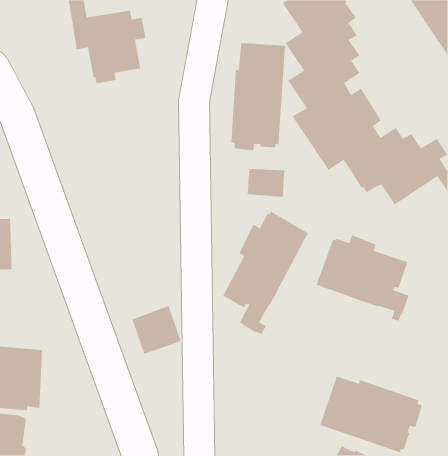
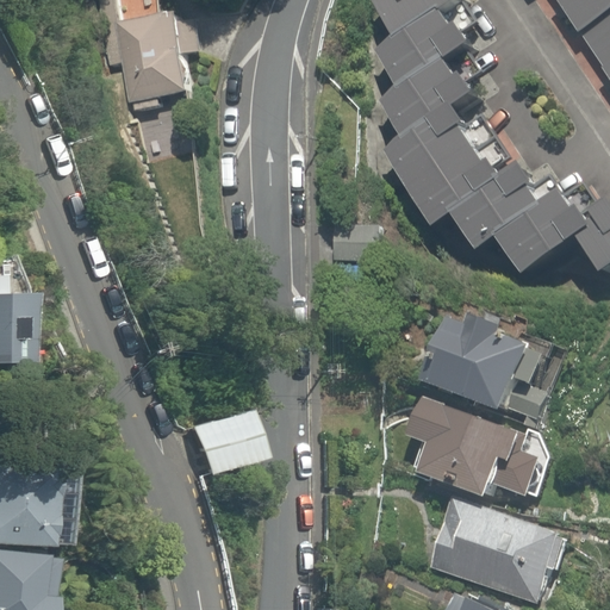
building: [231,42,286,151] -> none
building: [222,210,309,335] -> none
building: none -> [407,396,540,499]

